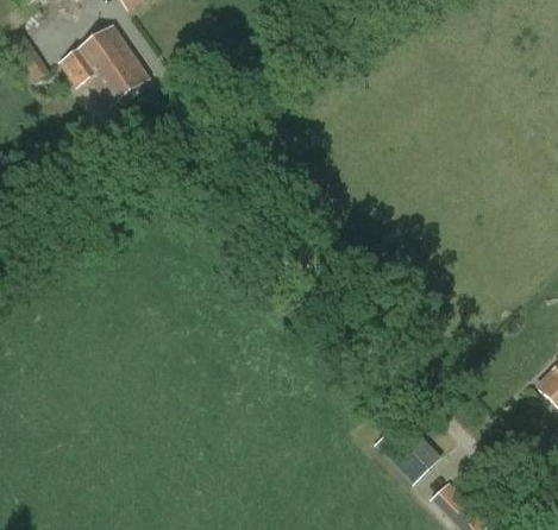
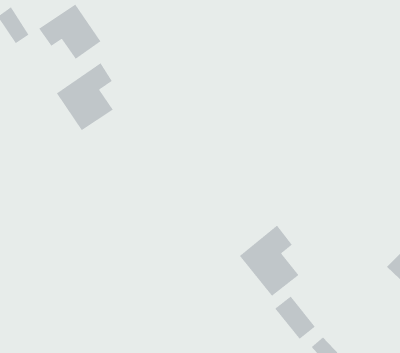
building: none -> [56,62,114,131]
building: none -> [239,224,299,297]

